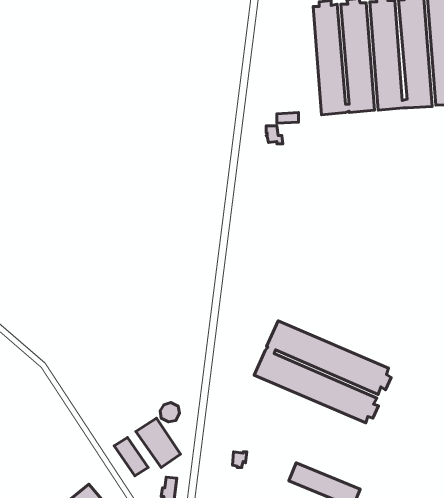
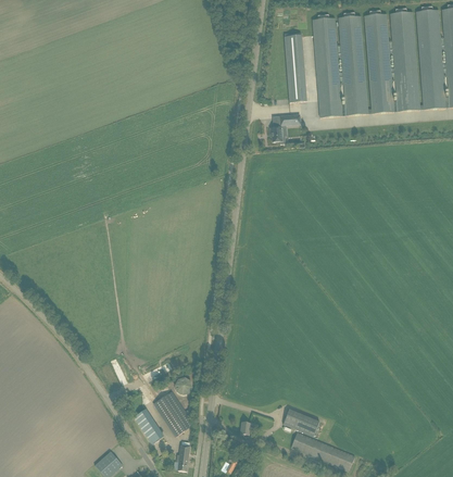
building: none -> [285,35,306,102]
building: [254,321,391,423] -> none
building: none -> [282,409,319,437]

